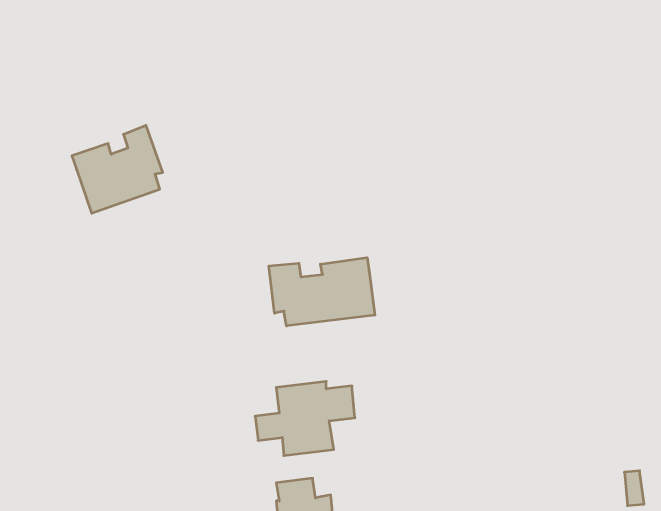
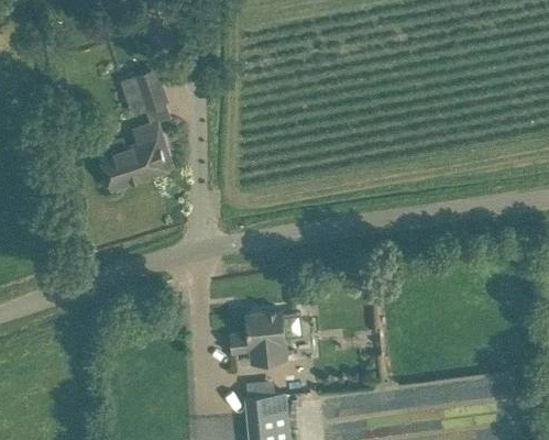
building: none -> [134,74,166,113]
building: [269,258,375,326] -> none

